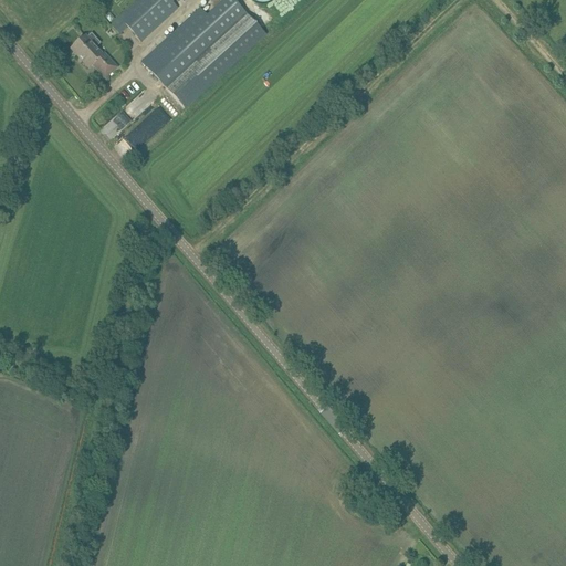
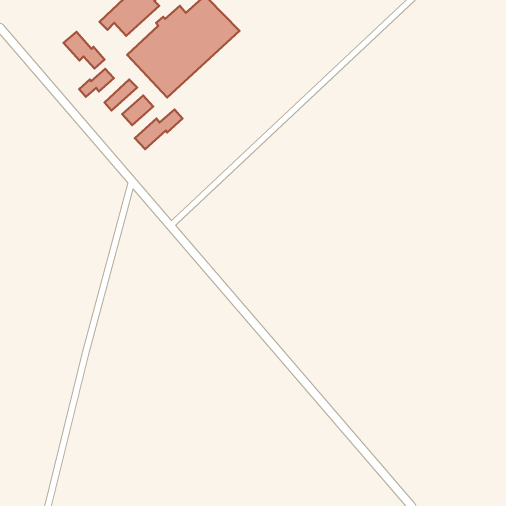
building: none -> [79,69,114,97]
building: none -> [135,110,182,149]

